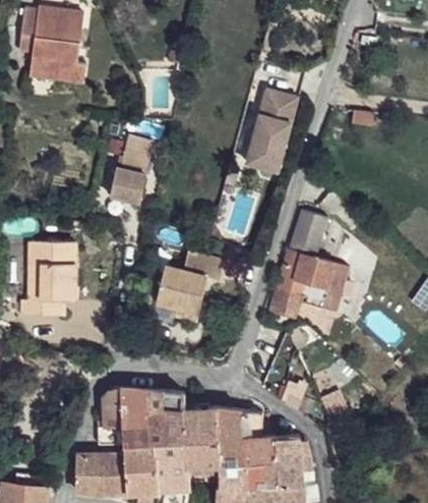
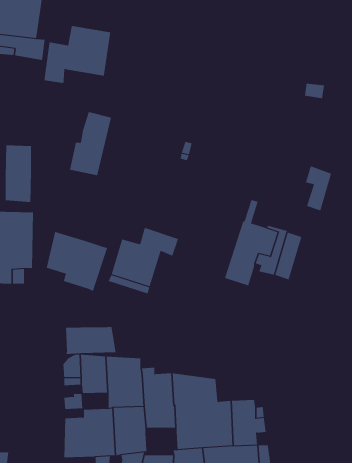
building: none -> [44,25,111,84]
building: [243,90,296,173] -> none
building: none -> [5,144,32,203]
building: [297,211,324,258] -> [305,166,332,211]
building: none -> [46,231,108,292]
building: none -> [65,326,116,355]
building: [76,454,105,495] -> none

